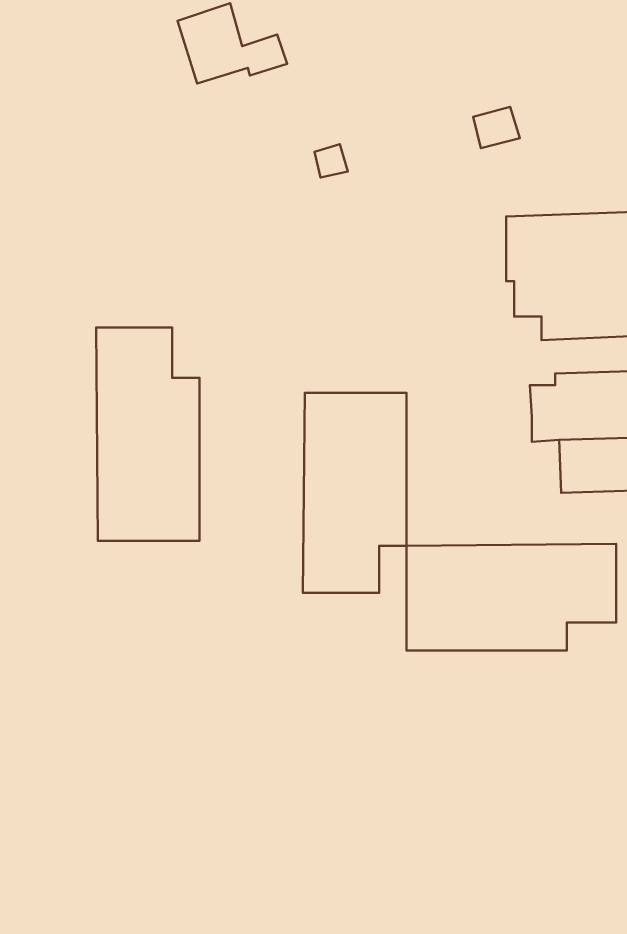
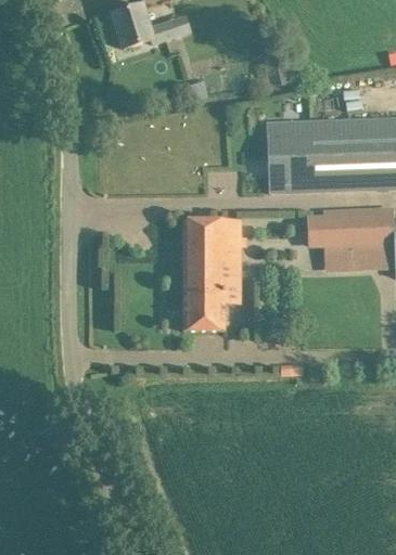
building: none -> [267,120,315,191]
building: [96,328,199,541] -> none
building: [406,544,616,651] -> none

